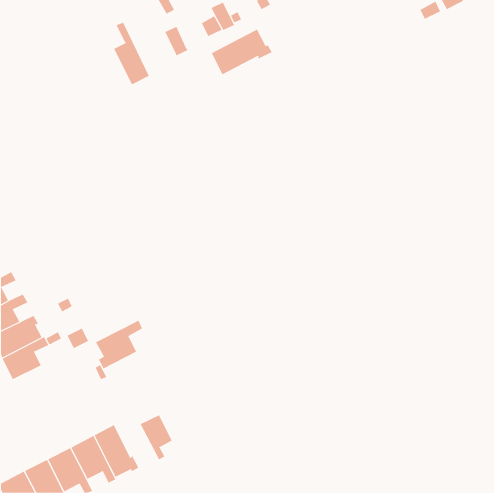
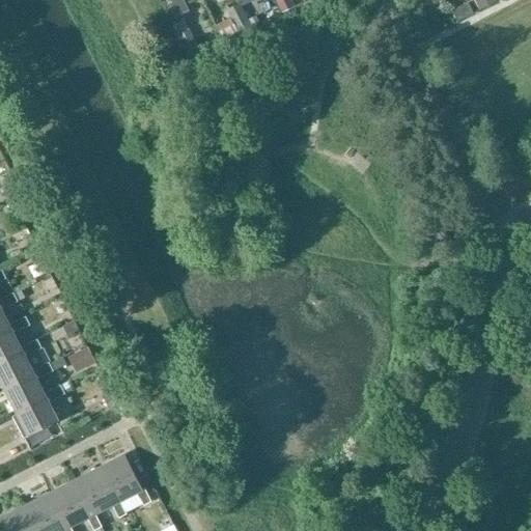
building: [114,22,150,85] -> none
building: [211,29,272,75] -> none
building: [95,320,143,369] -> [13,384,64,437]
building: [140,415,173,460] -> none

